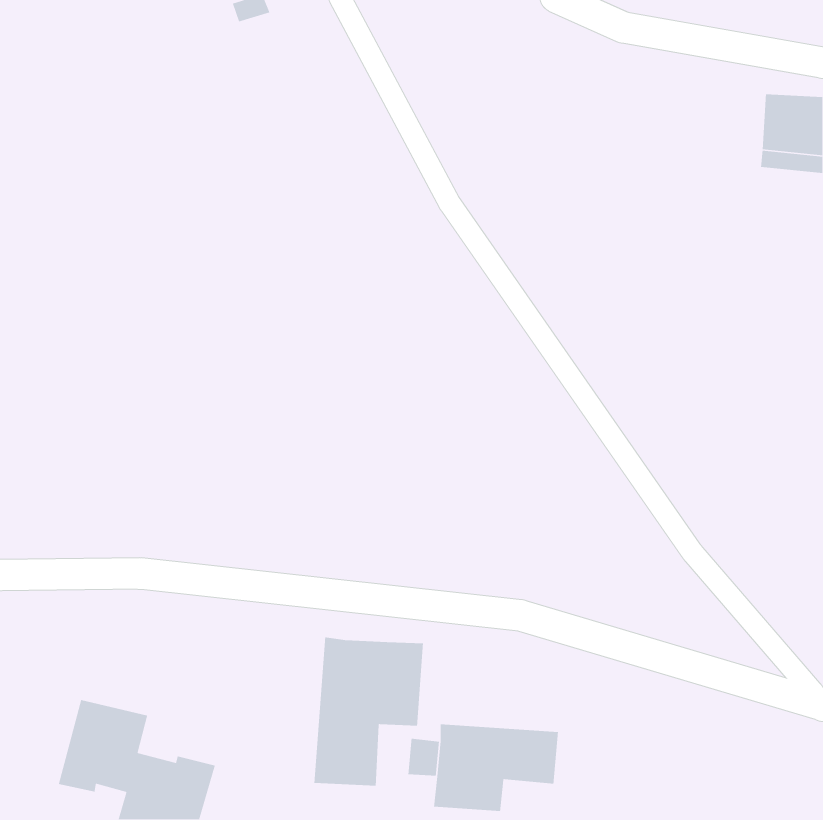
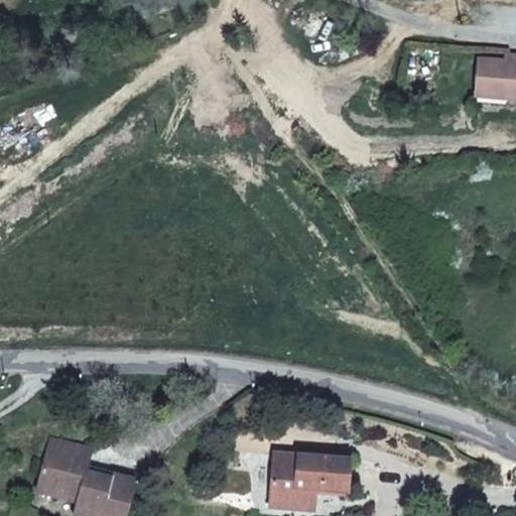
building: [314,636,424,787] -> none

